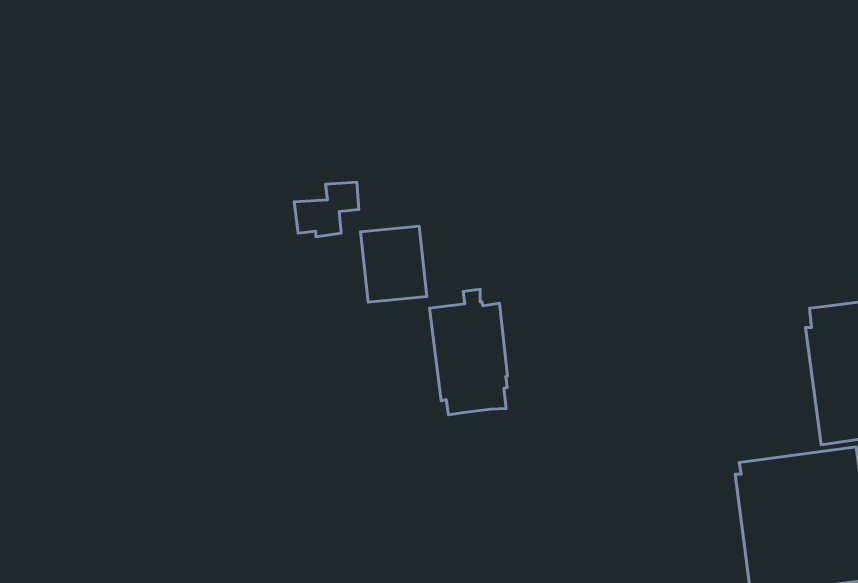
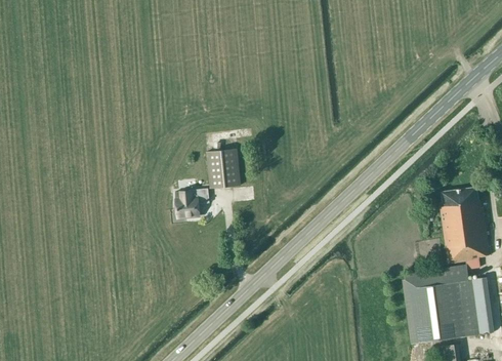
building: [294,182,359,237] -> [175,189,209,217]
building: [430,289,508,415] -> none

